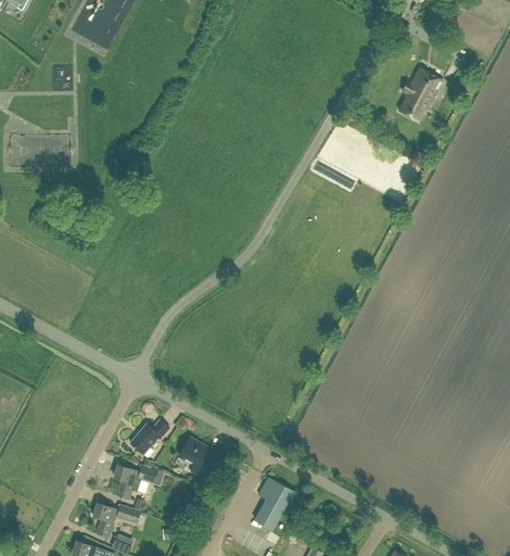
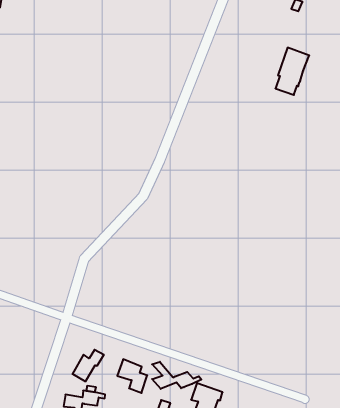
building: [397,67,442,122] -> [275,48,309,95]
building: none -> [152,362,201,389]

